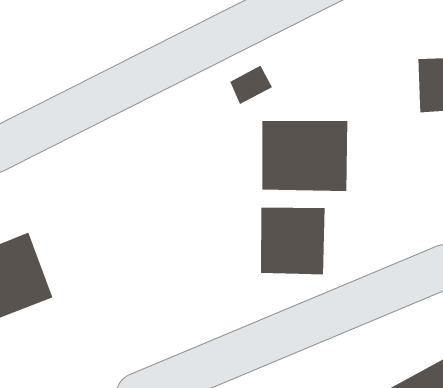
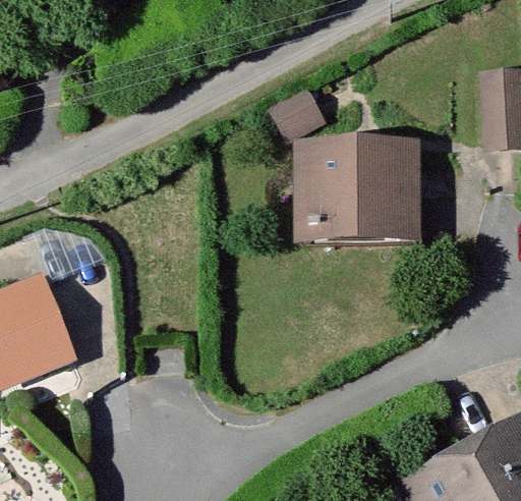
building: [260,207,326,275] -> none

